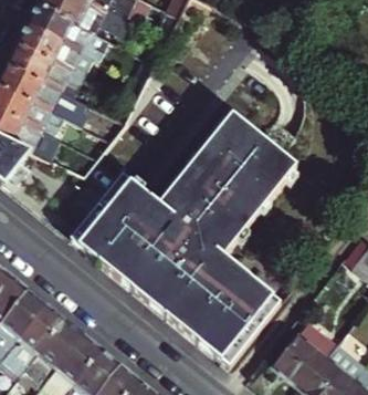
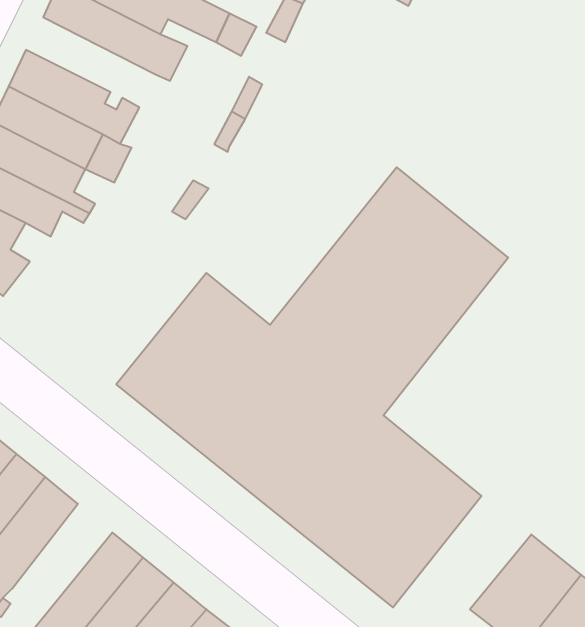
building: [18,25,93,79] -> none
building: [10,305,67,370] -> none

